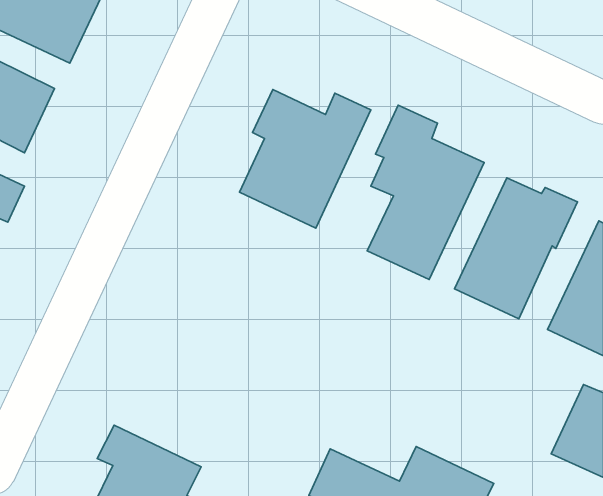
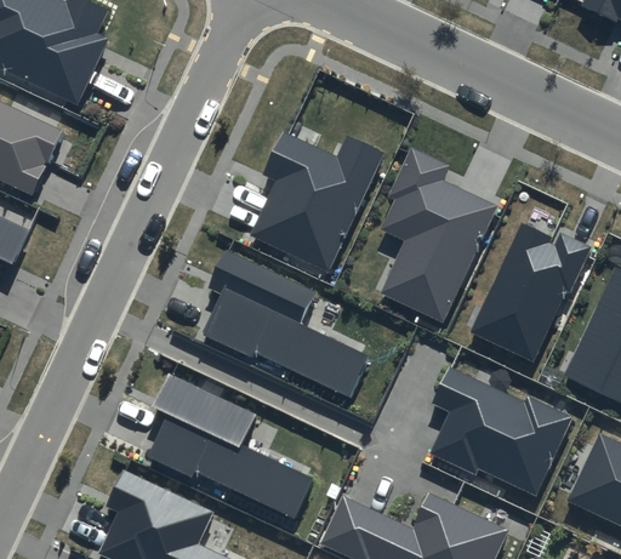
building: none -> [203,251,370,398]
building: none -> [431,366,574,496]
building: none -> [146,372,313,519]

